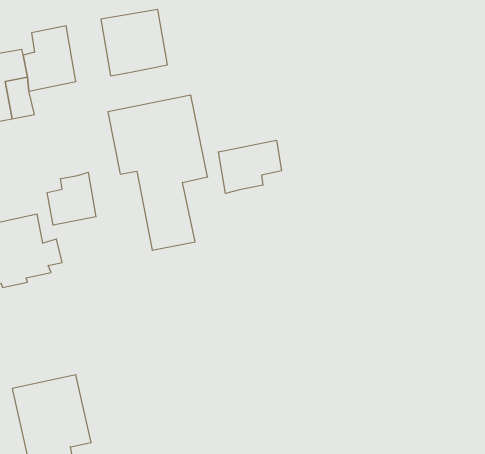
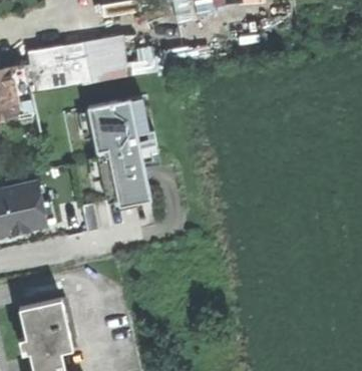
building: none -> [56,41,88,86]
building: [219,140,282,193] -> none
building: [47,172,96,225] -> none

